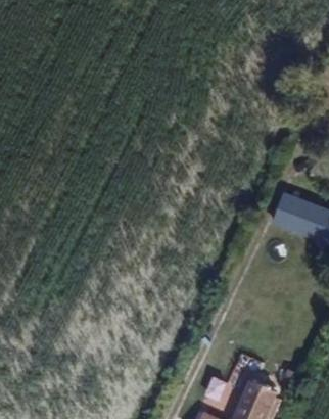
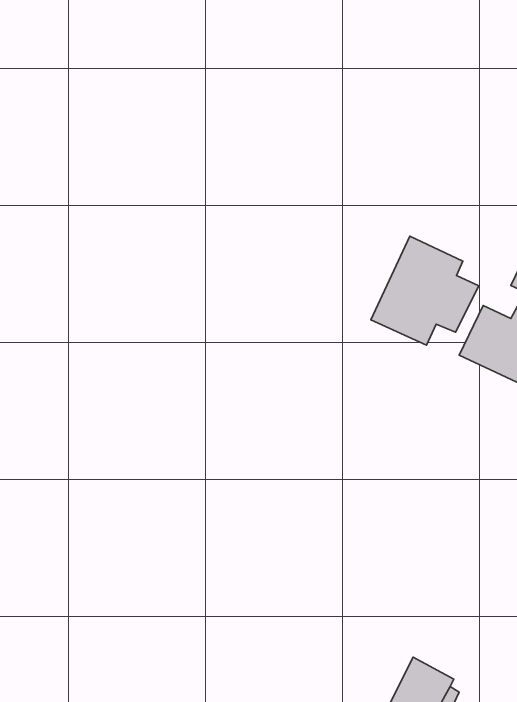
building: none -> [371,236,479,345]

